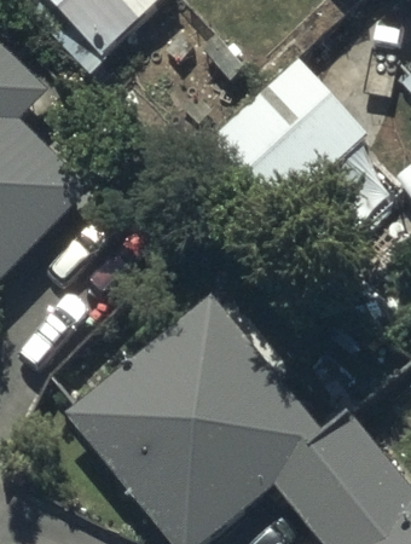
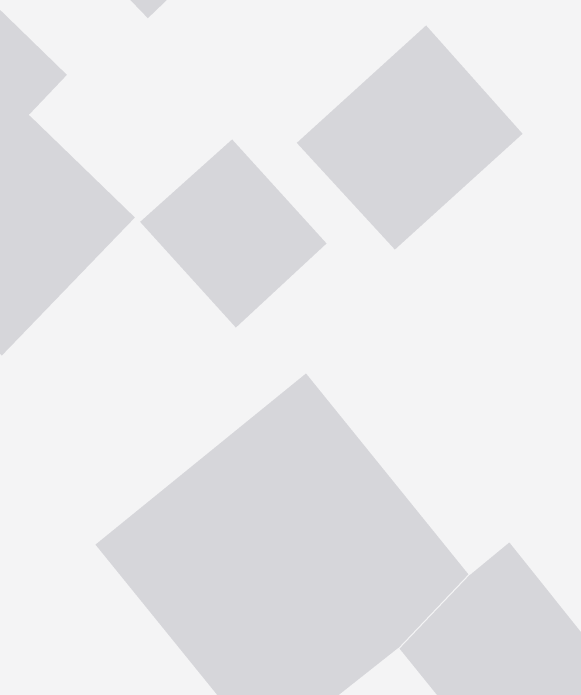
building: none -> [139,139,328,328]

